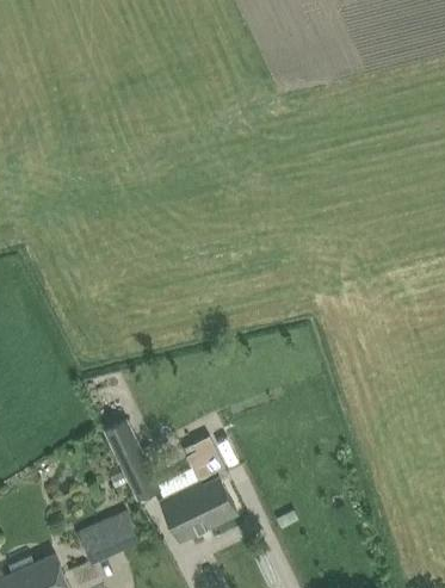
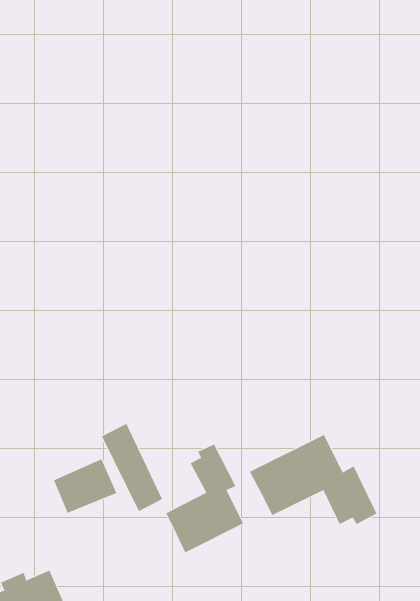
building: none -> [249,434,377,525]
building: [78,512,137,563] -> [53,458,117,514]

